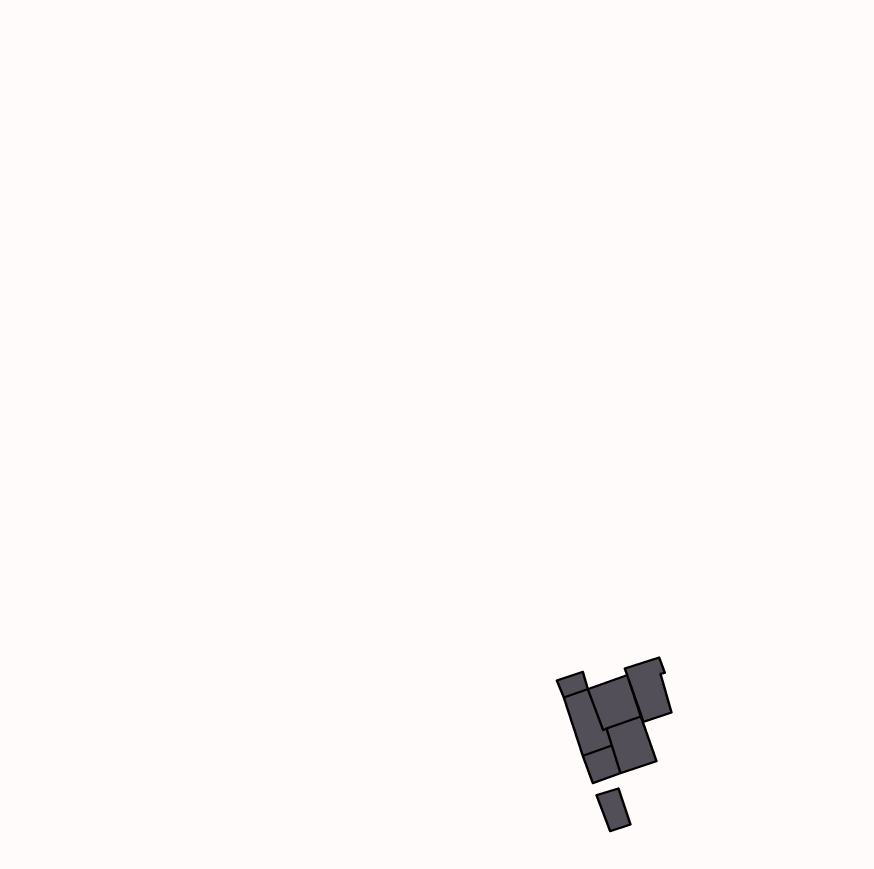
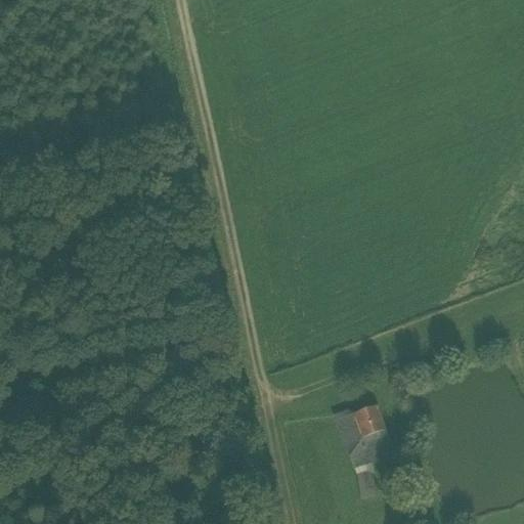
building: [625,657,672,722] -> none

